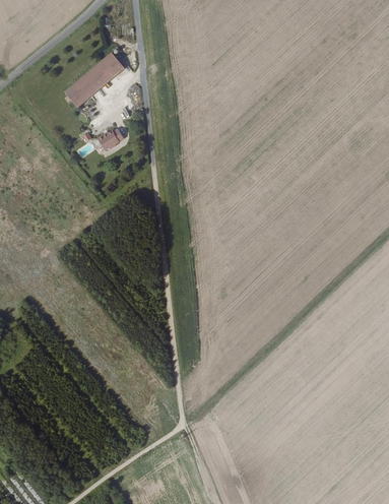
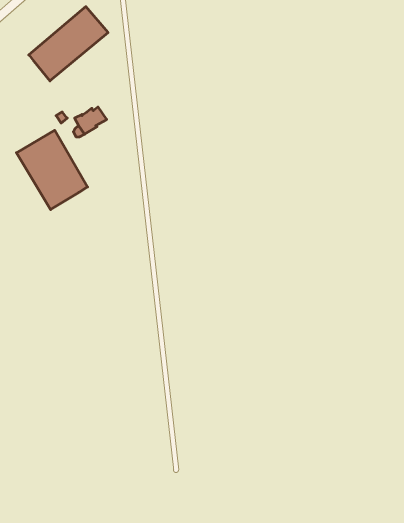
building: none -> [16,130,88,210]

